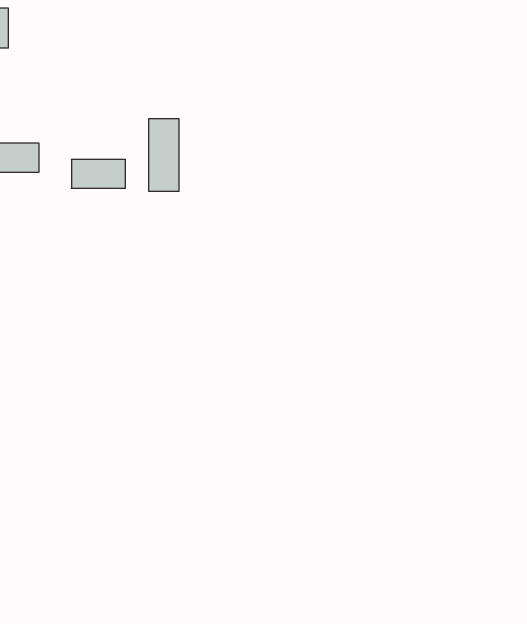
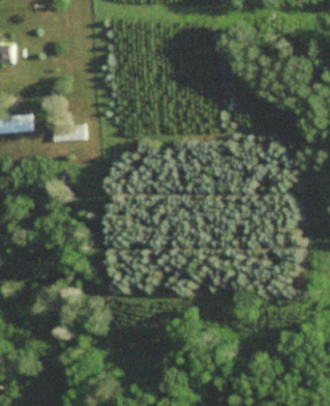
building: [149,119,179,191] -> none

